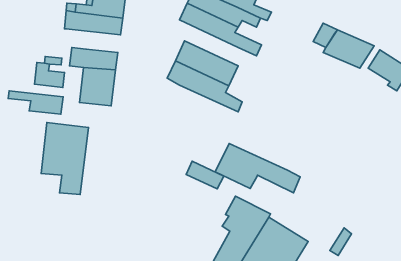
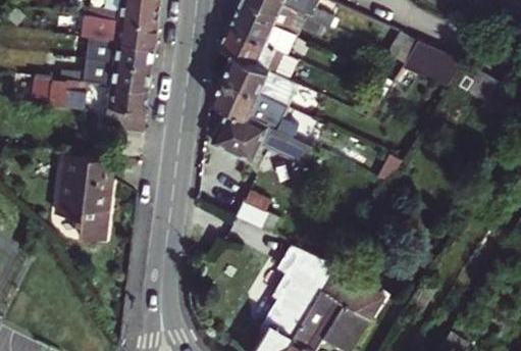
building: none -> [217,28,316,90]
building: [8,91,63,114] -> [86,39,153,67]
building: [215,143,300,193] -> [208,107,312,167]

